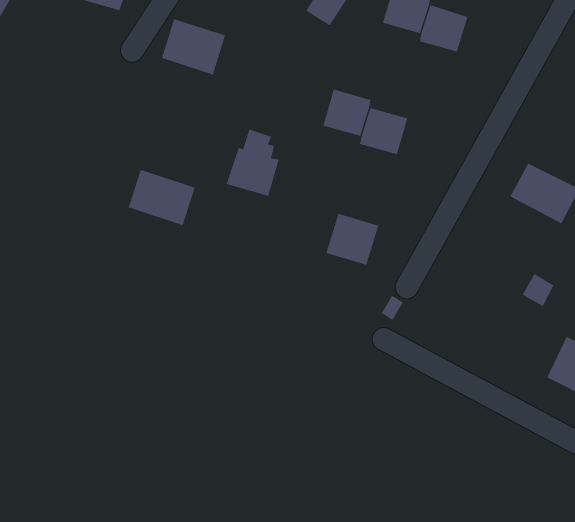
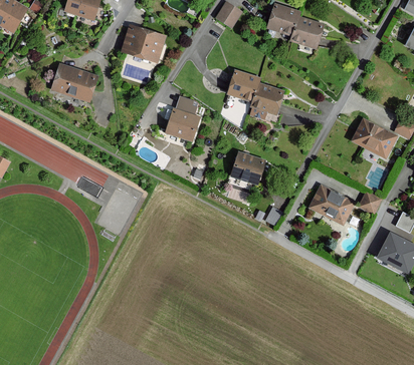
building: [128,169,195,226] -> [52,64,96,101]
building: none -> [308,185,354,225]

